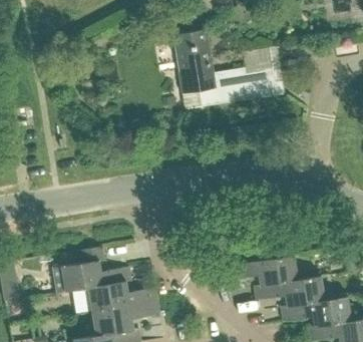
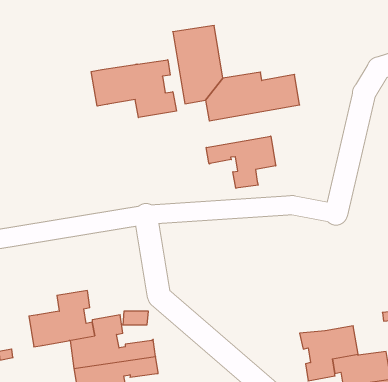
building: none -> [91,60,176,118]
building: none -> [206,136,276,188]
building: [227,255,297,301] -> none

